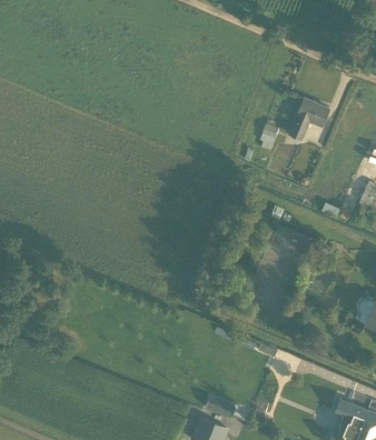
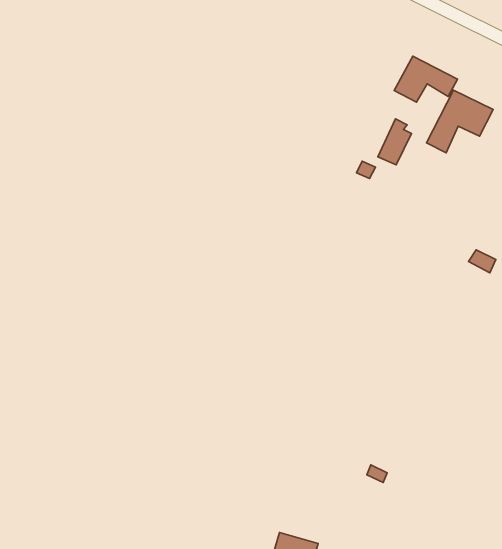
building: none -> [394,56,458,102]

